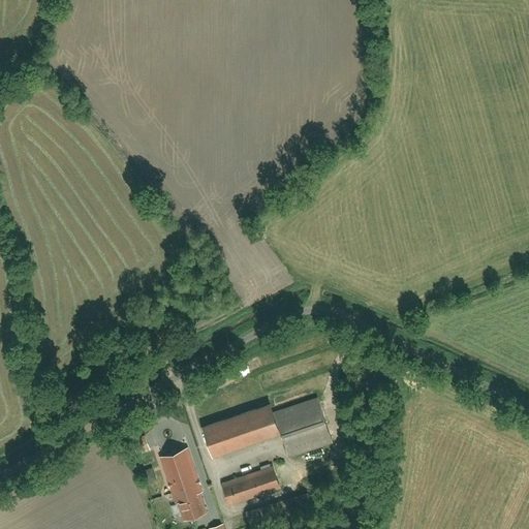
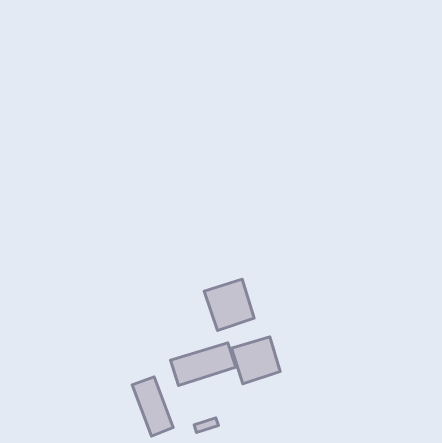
building: none -> [204,279,254,331]
building: [221,464,281,502] -> none

